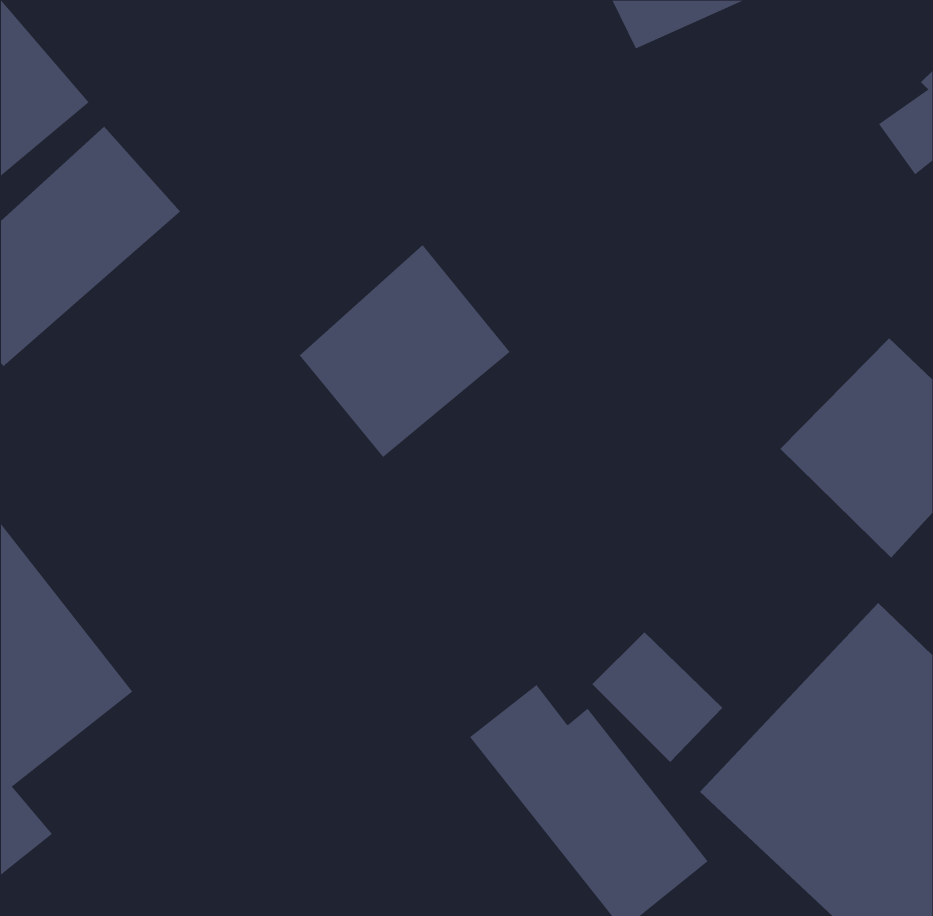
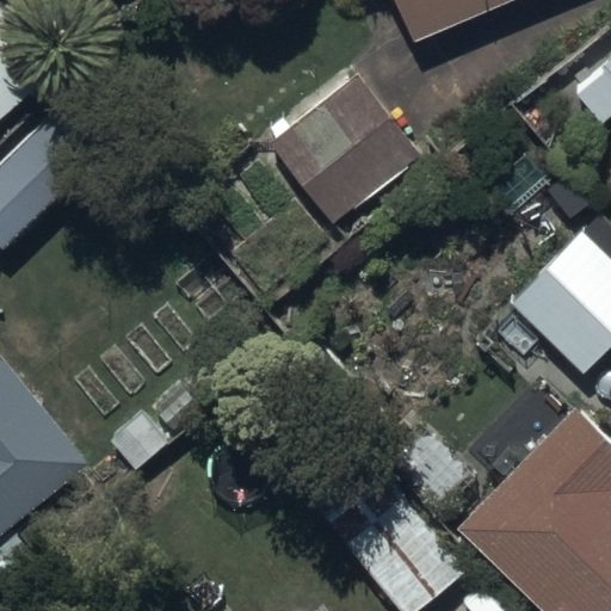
building: [299,244,511,458] -> [267,75,406,215]

